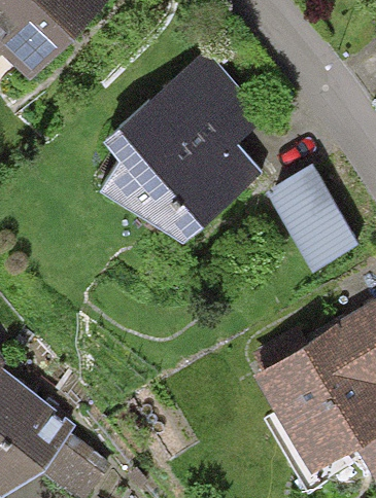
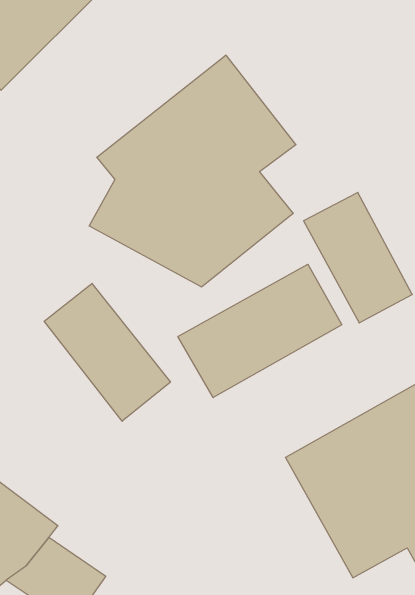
building: none -> [178,264,342,398]
building: none -> [44,283,170,421]

